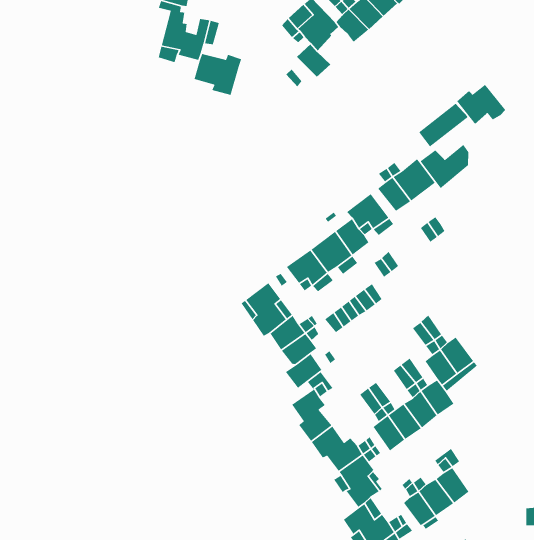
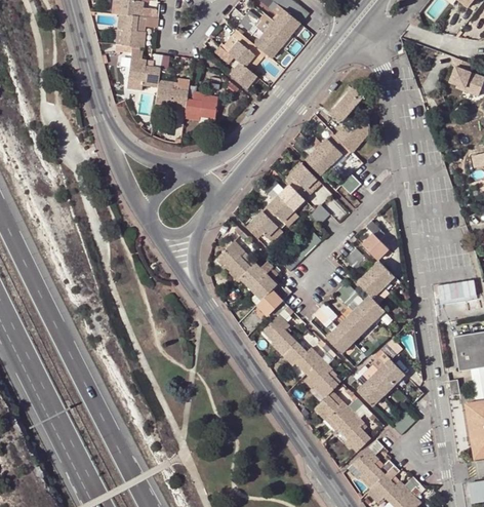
building: none -> [186,84,218,117]
building: [456,84,506,125] -> none
building: none -> [362,222,389,261]

